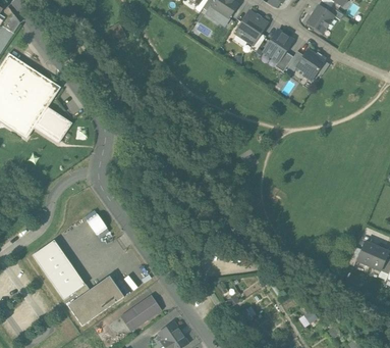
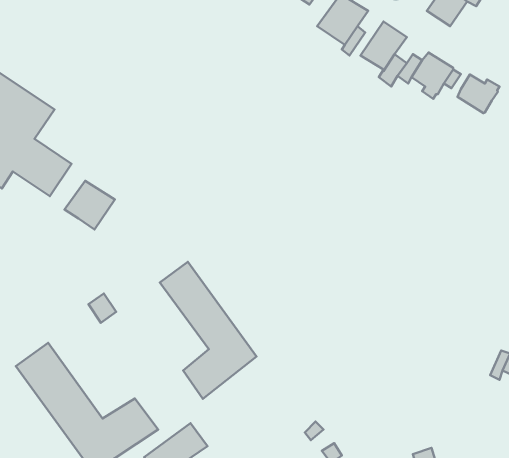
building: none -> [457,75,500,113]
building: none -> [64,181,115,229]
building: none -> [160,262,257,399]

